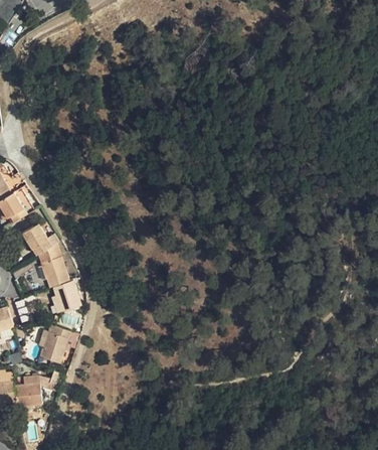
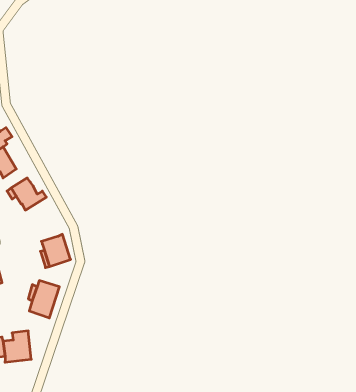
building: [38,242,69,287] -> none

